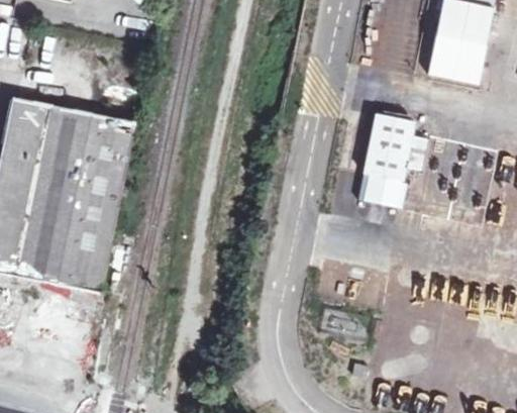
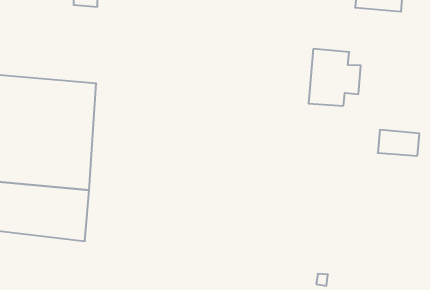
building: [359,172,408,205] -> [378,130,419,156]

